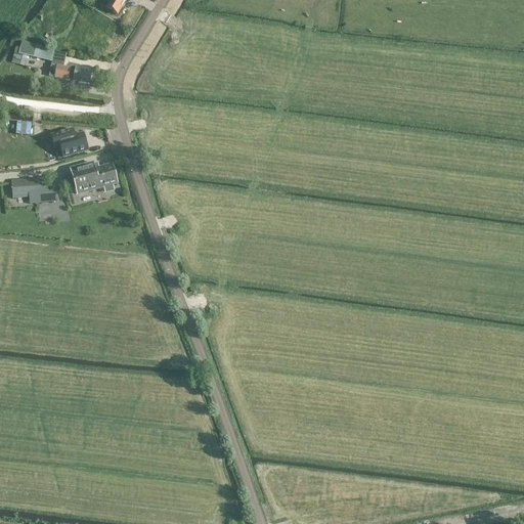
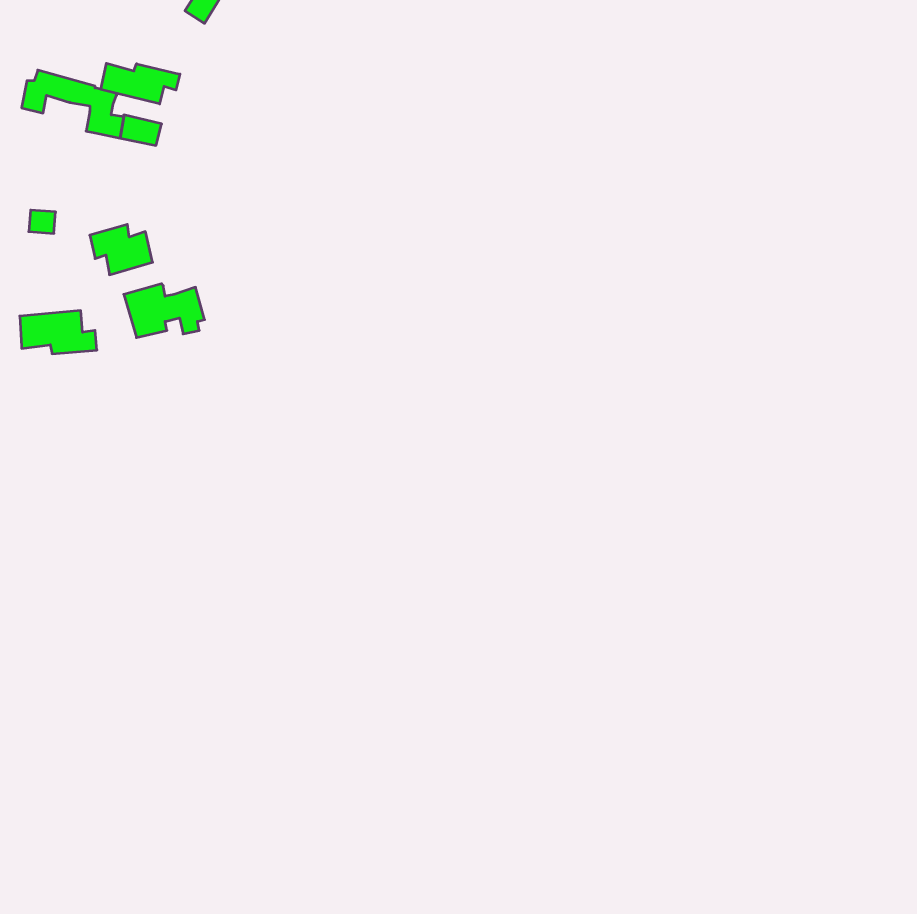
building: none -> [101,63,180,104]

